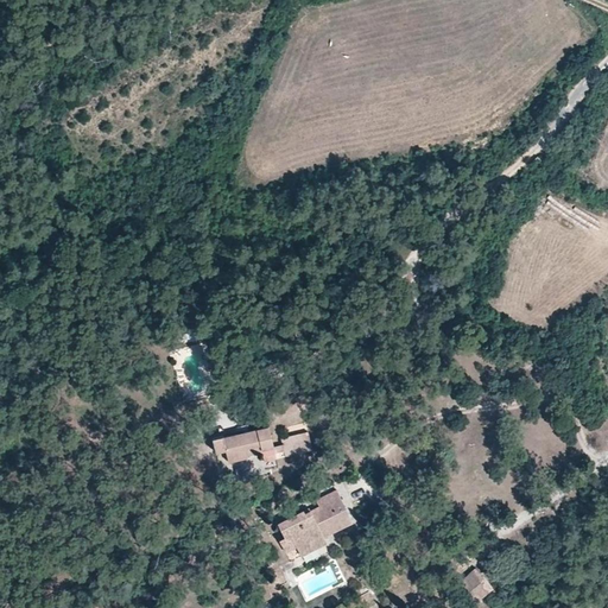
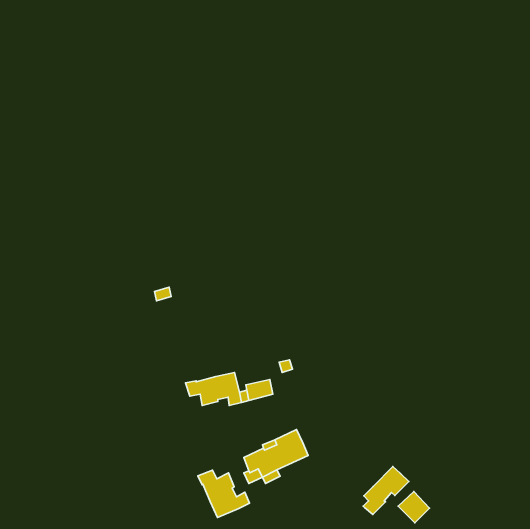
building: none -> [363,467,409,515]
building: none -> [198,470,249,517]

